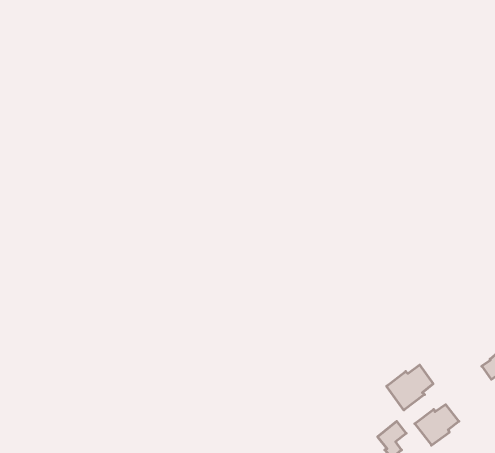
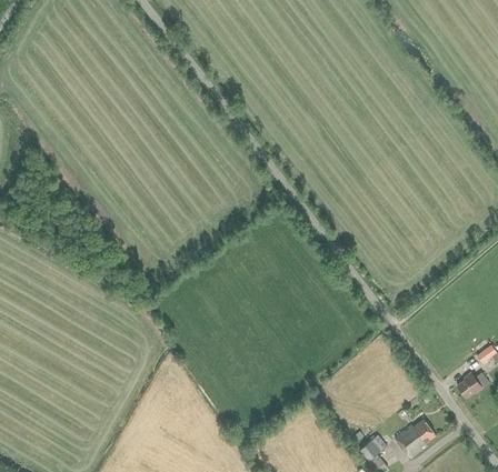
building: [387,365,433,410] -> none

